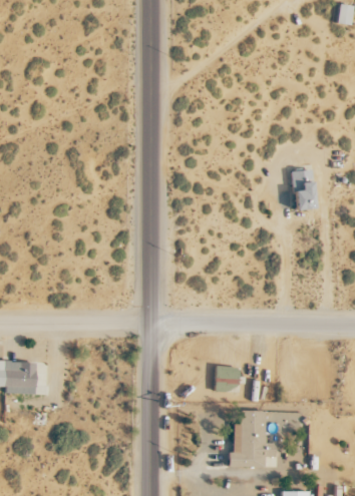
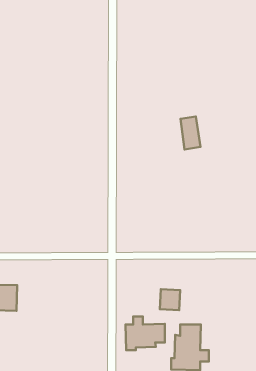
building: [291,169,316,210] -> [181,117,201,149]
building: none -> [125,317,165,350]

